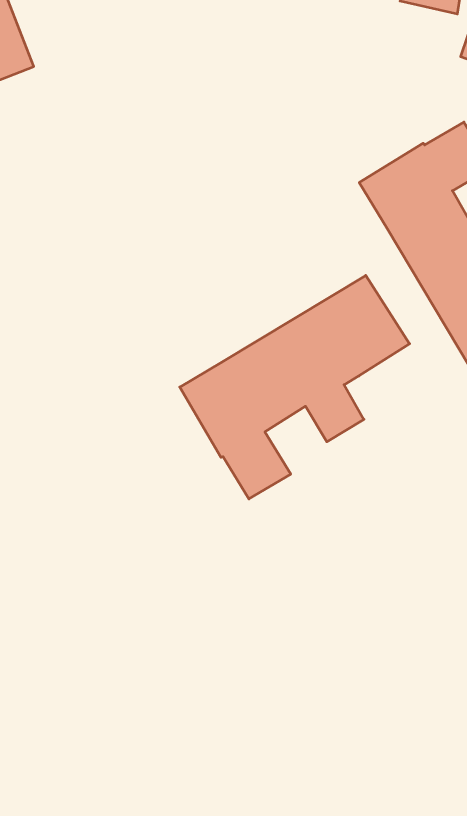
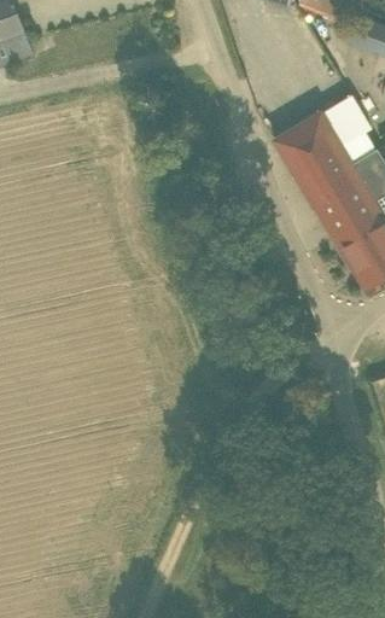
building: [180,275,410,499] -> none

